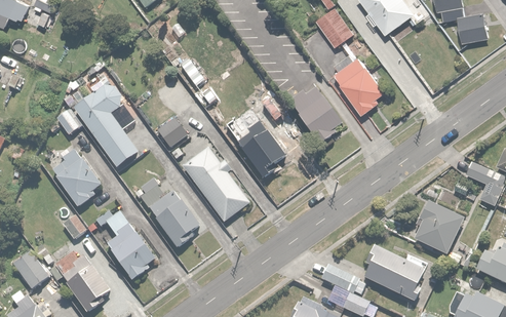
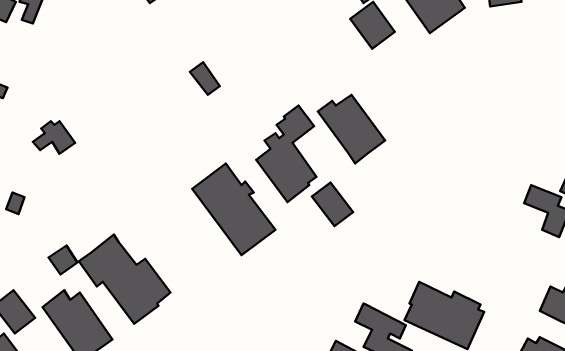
building: [458,13,486,41] -> none
building: [333,55,384,113] -> none
building: [73,85,138,166] -> none
building: [156,117,187,148] -> none
building: [50,148,101,207] -> none
building: none -> [312,183,353,226]
building: [134,171,205,247] -> none
building: [413,200,465,253] -> none

